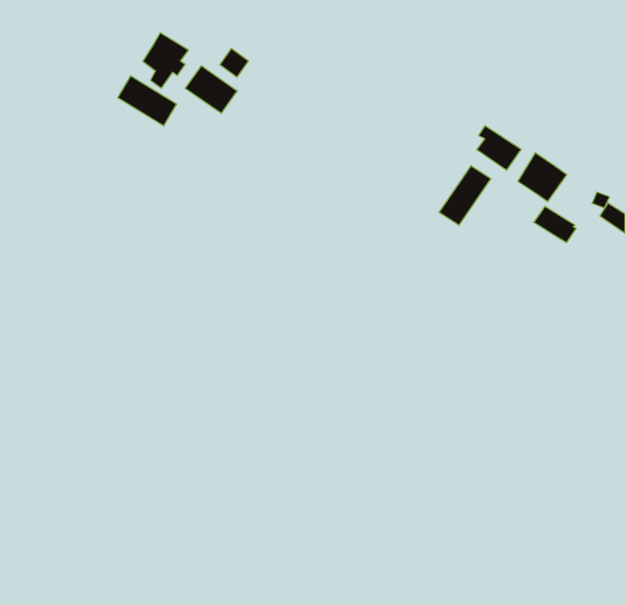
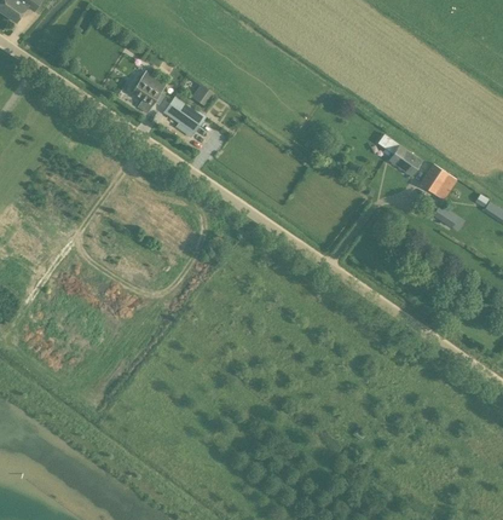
building: [118,76,177,126] -> none
building: [439,166,491,225] -> none

